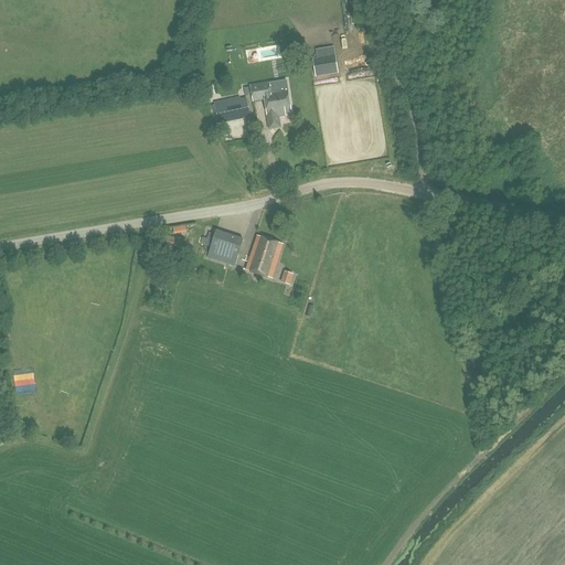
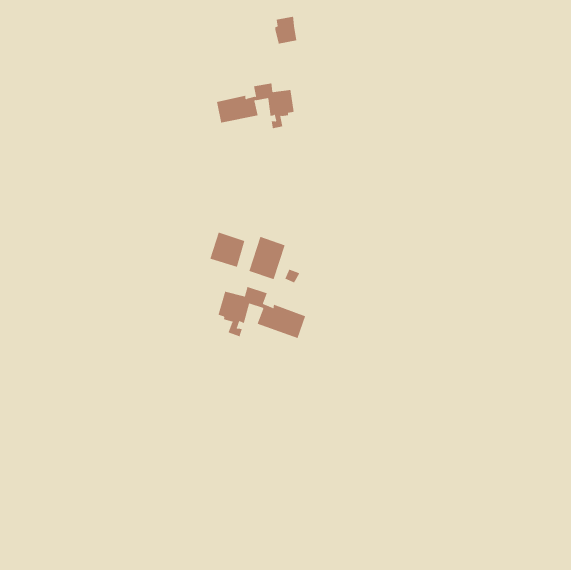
building: [315,46,337,74] -> [275,16,297,44]
building: none -> [218,286,306,339]

